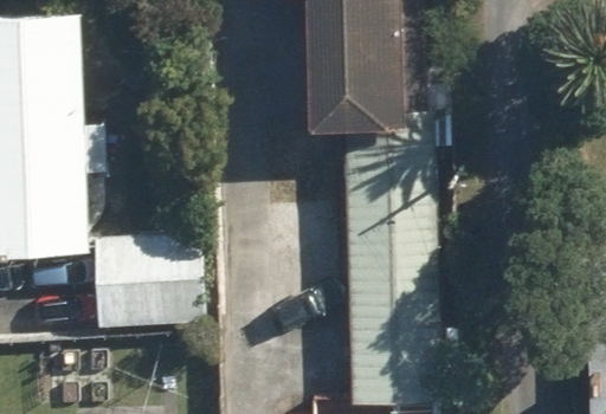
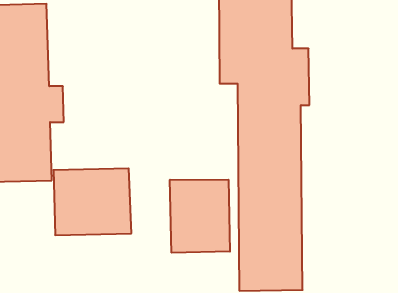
building: none -> [170,180,230,253]

